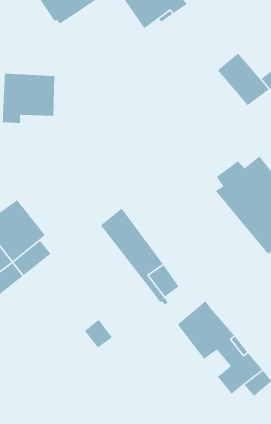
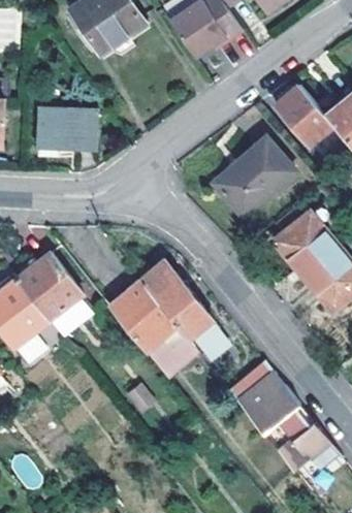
building: none -> [211,136,292,215]
building: none -> [113,278,199,373]

